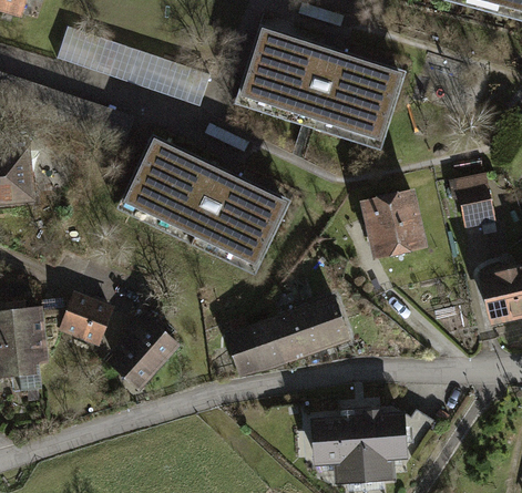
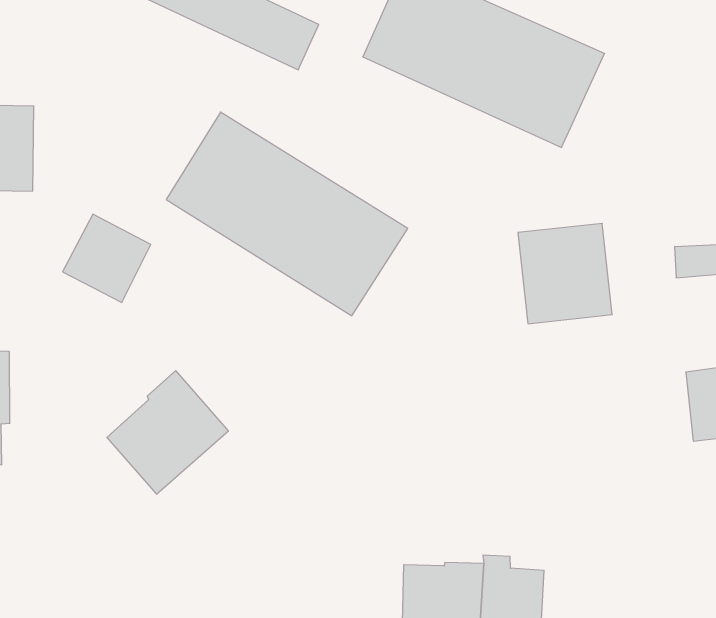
building: [224,291,350,374] -> none
building: [61,292,116,348] -> [63,214,151,302]

